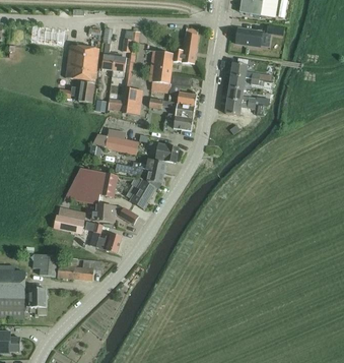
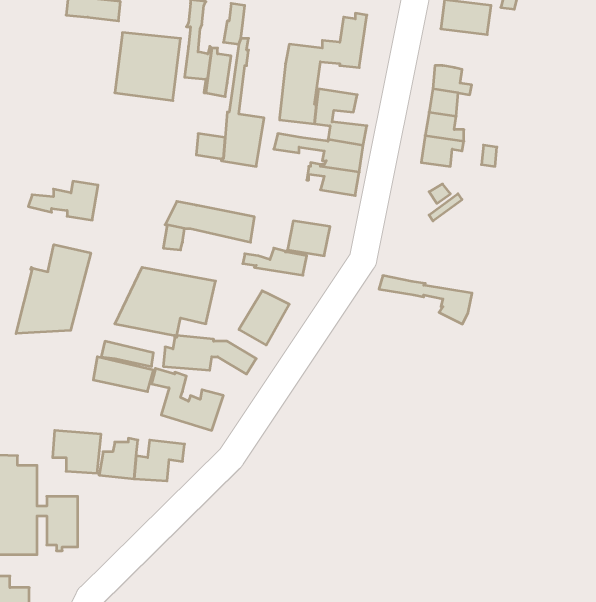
building: [58,81,94,102] -> [28,181,98,220]
building: none -> [16,245,91,334]
building: [115,163,163,188] -> [379,276,472,324]

